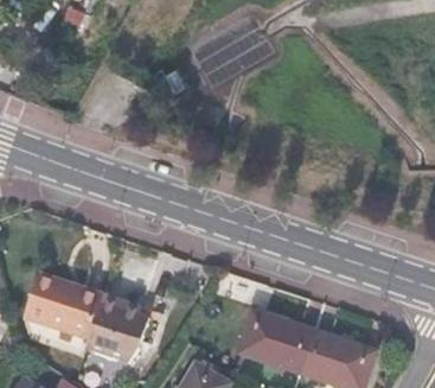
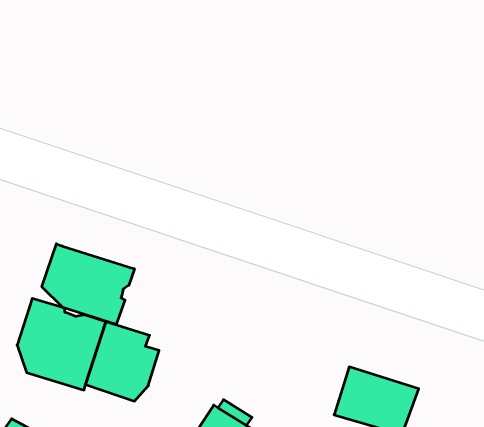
building: none -> [42,244,134,324]
building: [241,311,314,373] -> none

